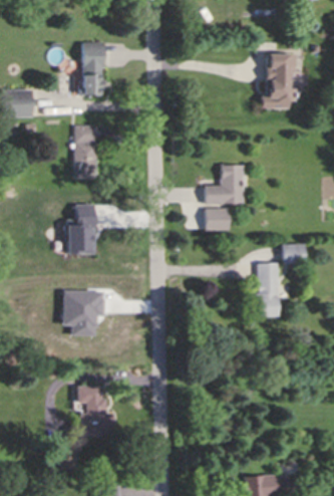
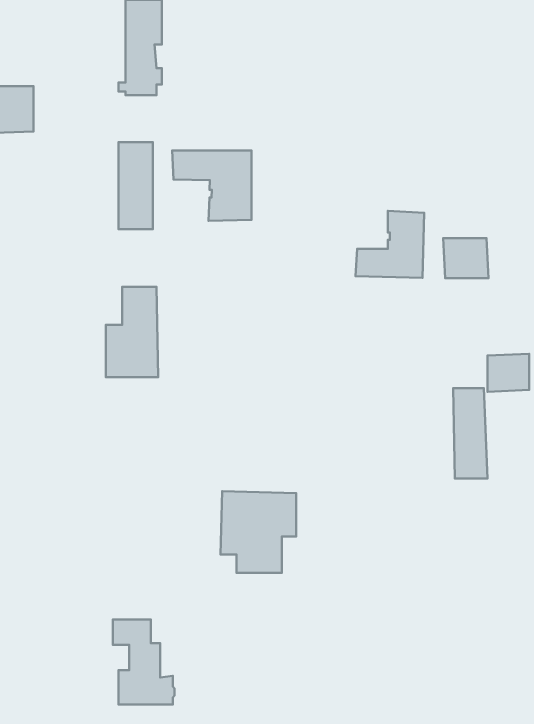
building: [262,53,292,106] -> none
building: none -> [172,150,252,221]
building: [207,209,232,231] -> [443,238,488,278]
building: [63,291,105,336] -> [220,491,296,573]

